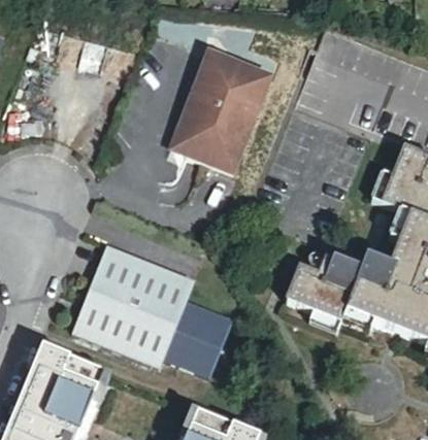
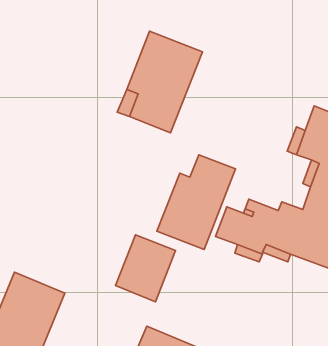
building: none -> [157,155,236,250]
building: [75,249,194,366] -> none

